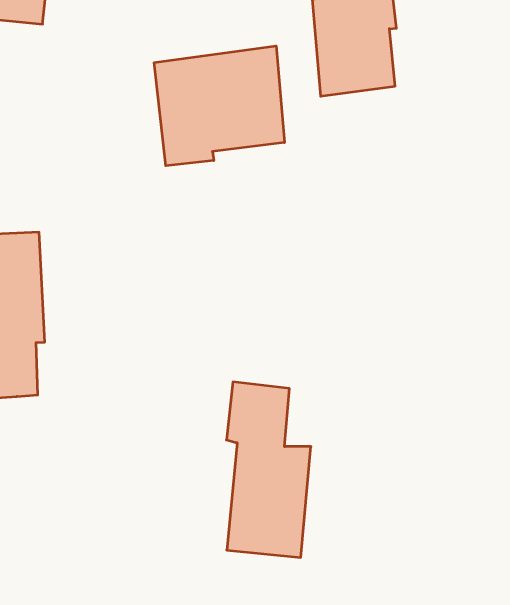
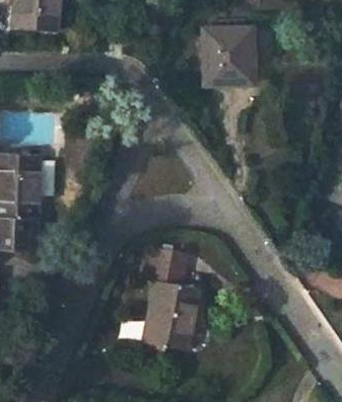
building: [154,46,284,166] -> none

